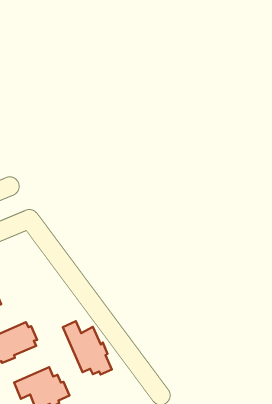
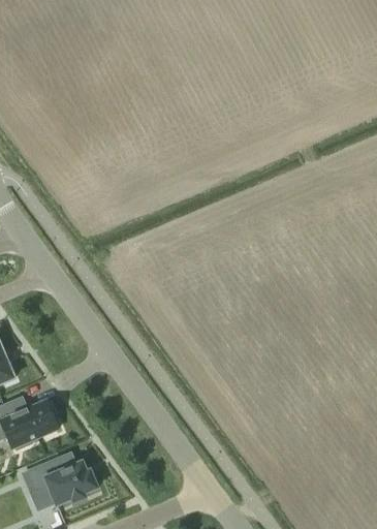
building: [63,321,112,375] -> none

